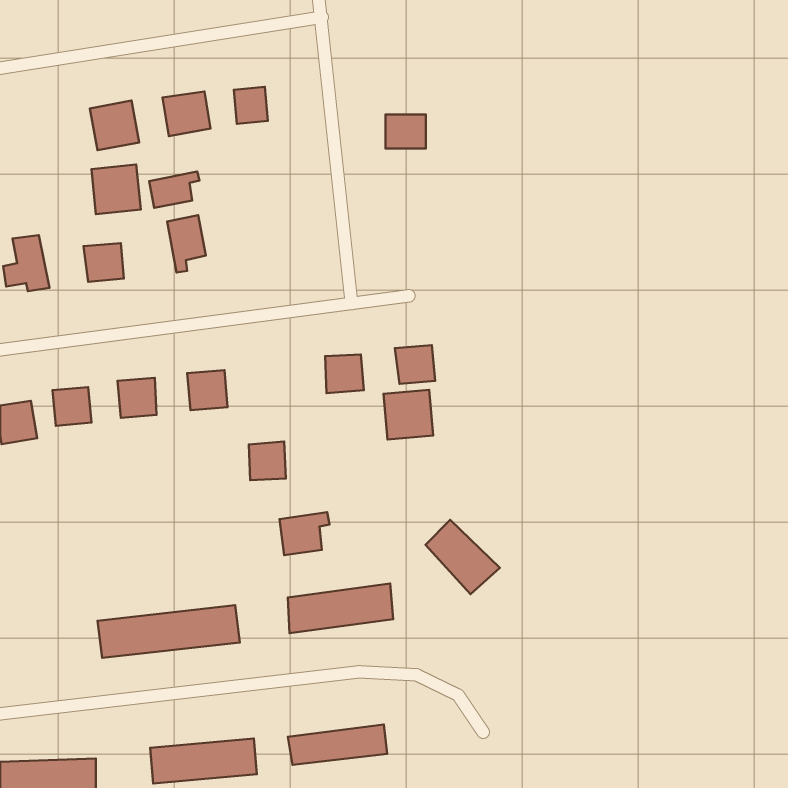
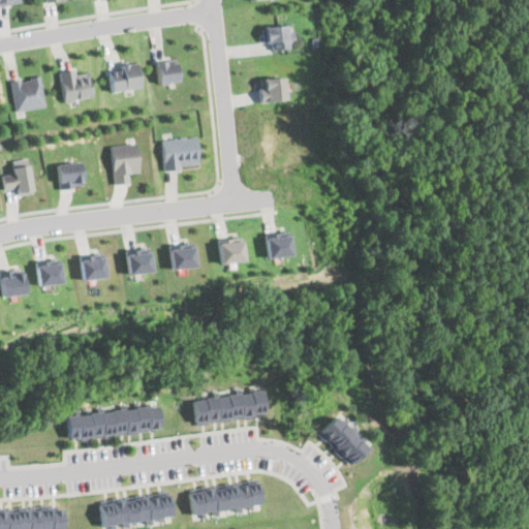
building: none -> [266,26,295,51]
building: [91,165,141,214] -> [13,79,46,112]
building: [149,171,199,208] -> none
building: none -> [162,137,199,172]
building: [384,390,433,440] -> none
building: [249,441,286,480] -> [172,244,196,270]
building: [280,512,329,555] -> none
building: [425,520,500,594] -> [318,416,368,466]

